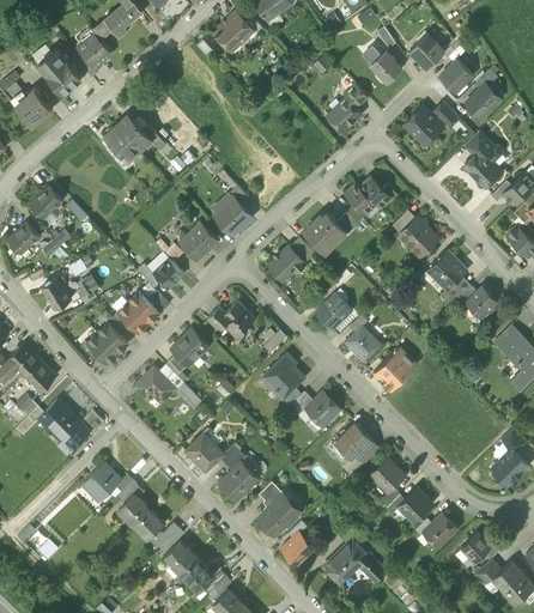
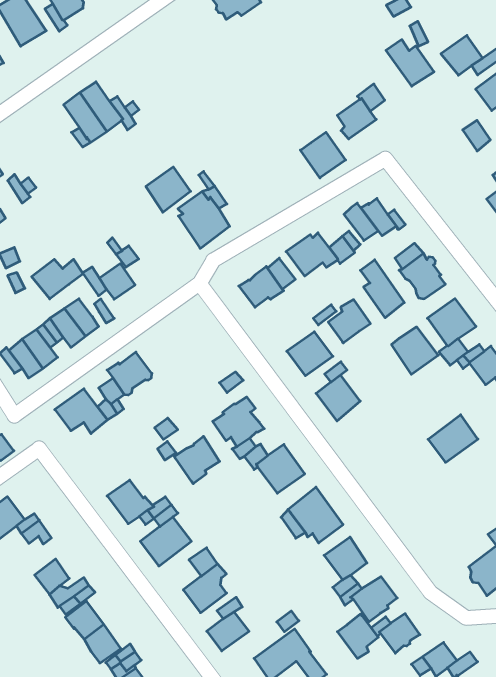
building: [405,107,443,141] -> none
building: none -> [300,132,346,178]
building: [180,224,217,262] -> [146,167,191,212]
building: none -> [360,260,404,318]
building: none -> [32,259,83,299]
building: none -> [328,300,370,343]
building: none -> [392,327,438,374]
building: [207,303,254,338] -> none
building: [375,348,415,389] -> [428,415,478,462]
building: none -> [174,436,220,484]
building: [117,492,150,524] -> none
building: none -> [337,614,378,658]

